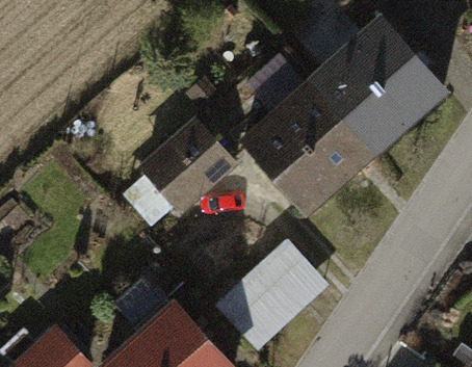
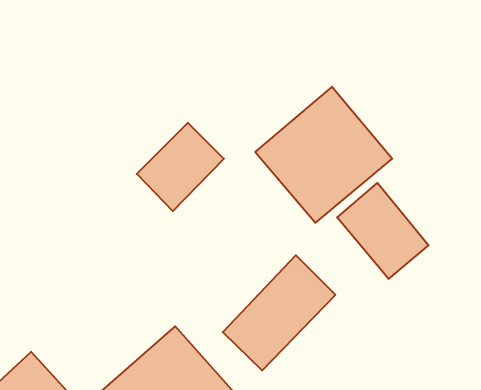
building: [320,34,442,156] -> none
building: none -> [337,183,429,279]

